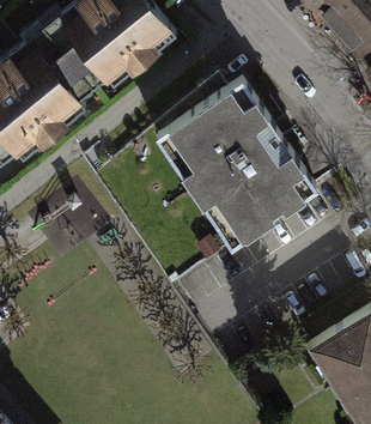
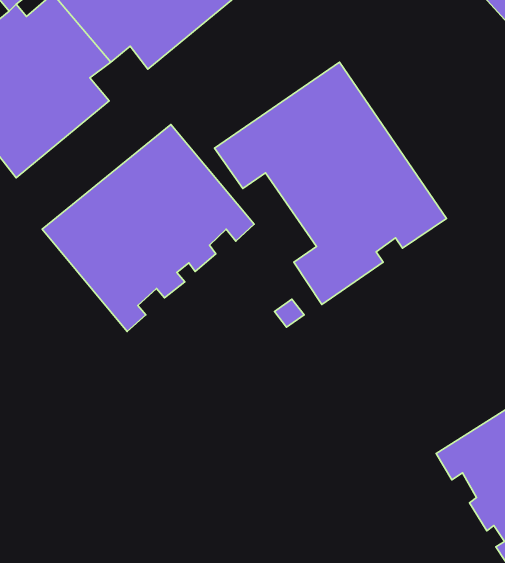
building: none -> [42,124,254,332]

